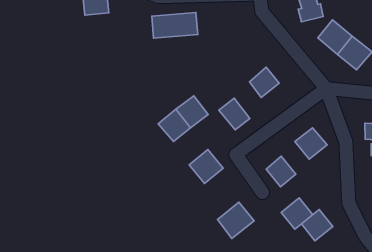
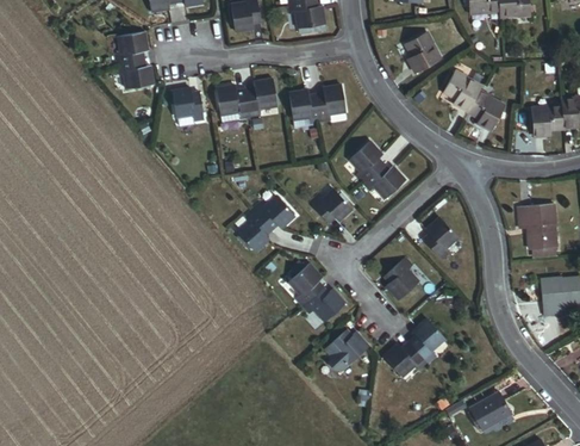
building: none -> [168,87,202,122]
building: none -> [291,86,350,120]
building: none -> [369,161,411,202]
building: none -> [301,283,348,329]
building: [301,210,333,241] -> [386,336,429,379]

